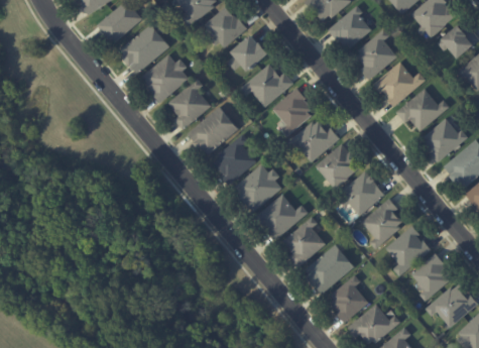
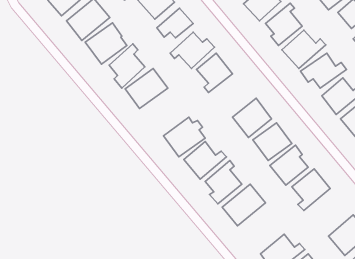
building: [292,118,339,162] -> none
building: [211,134,256,184] -> none
building: [411,254,454,301] -> none
building: [326,275,368,322] -> none

